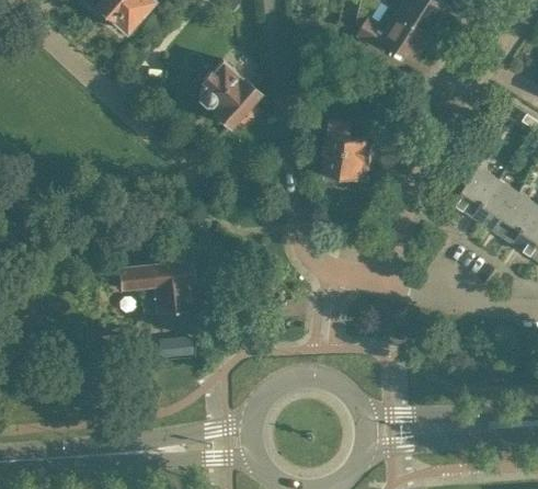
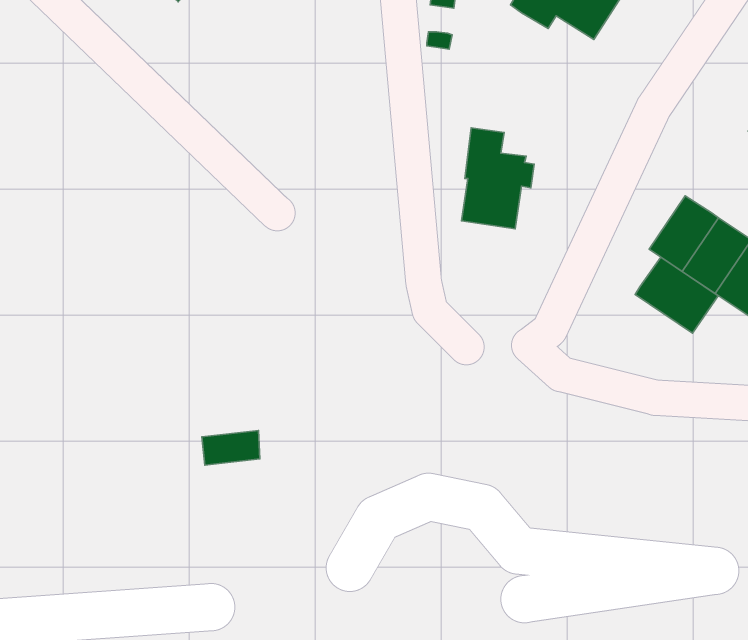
building: [201,61,261,126] -> none
building: none -> [635,257,718,333]
building: [122,260,197,312] -> none

